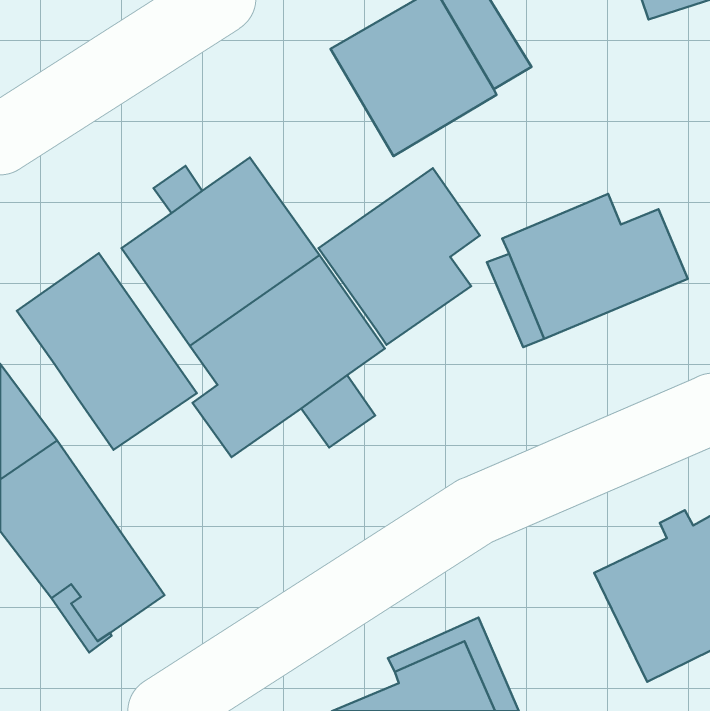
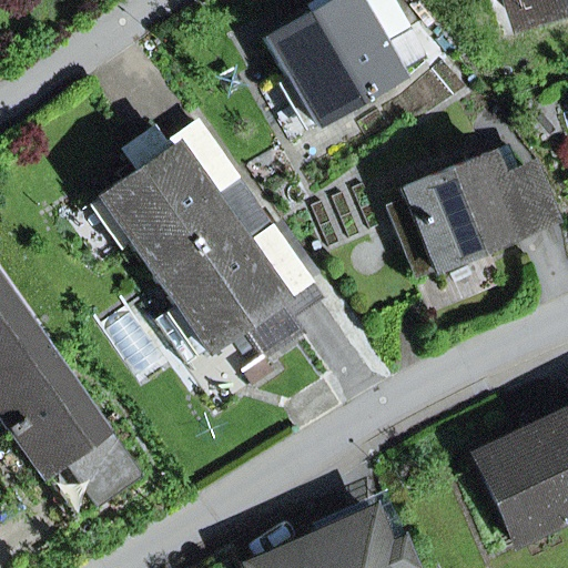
building: [318,168,480,345] -> none
building: [17,253,197,450] -> none

